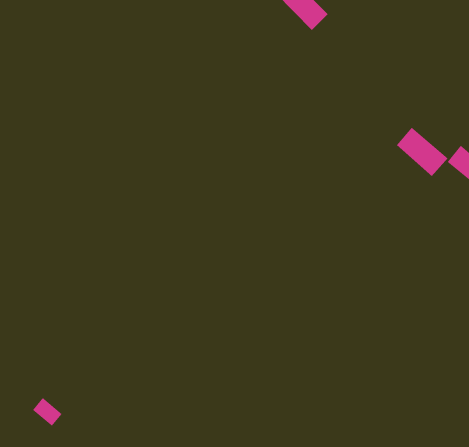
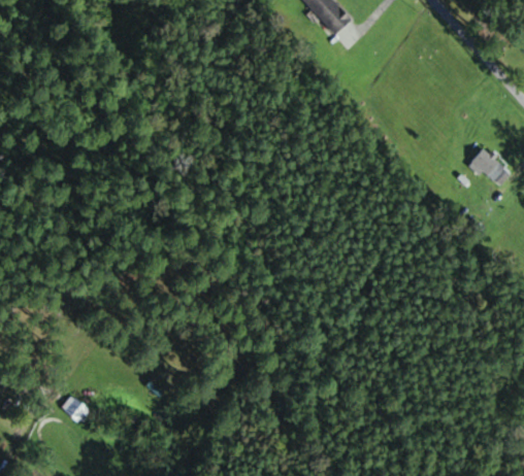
building: [396,127,449,177] -> none

